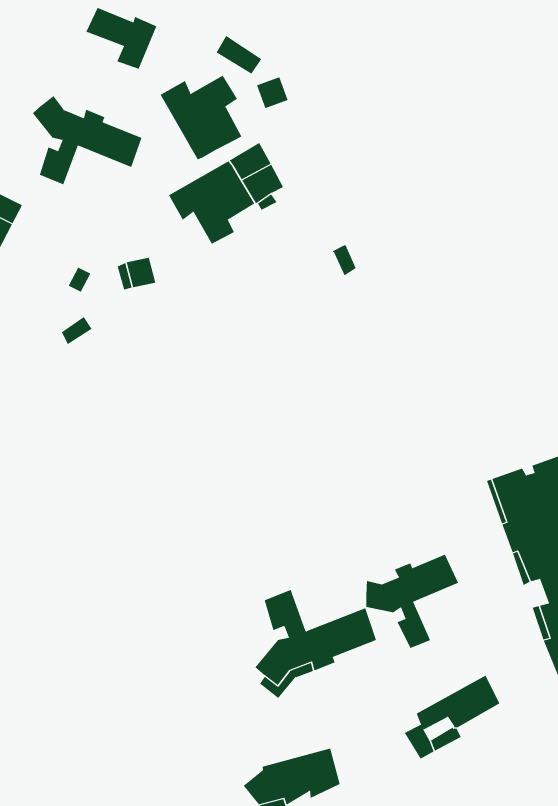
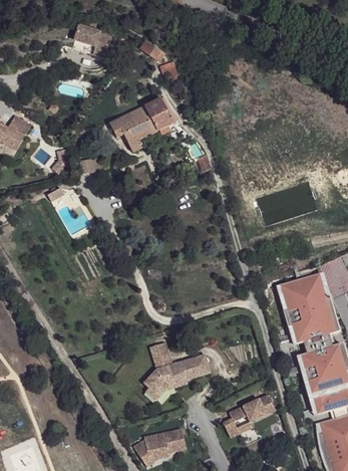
building: [160,75,242,160] -> none
building: [32,95,142,185] -> none
building: [366,554,459,649] -> none

